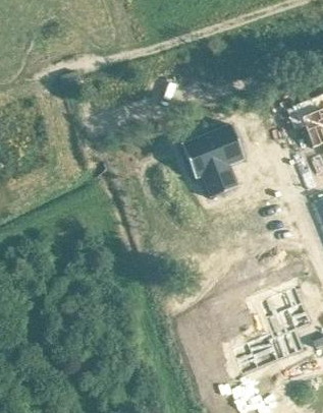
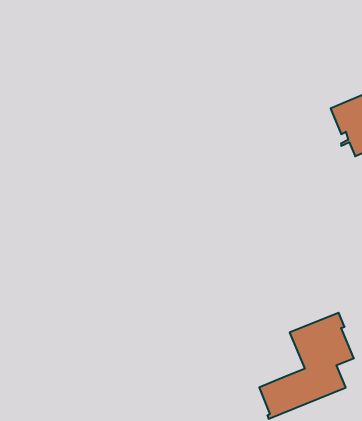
building: [182,124,247,198] -> none

